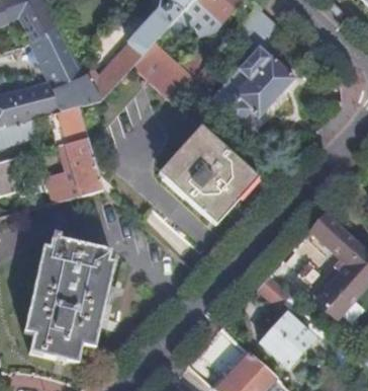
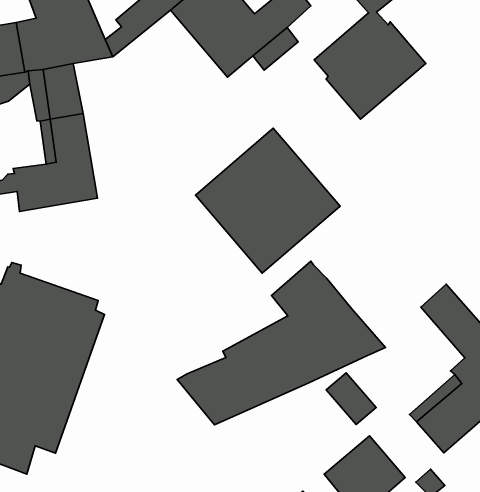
building: none -> [177,261,386,425]

